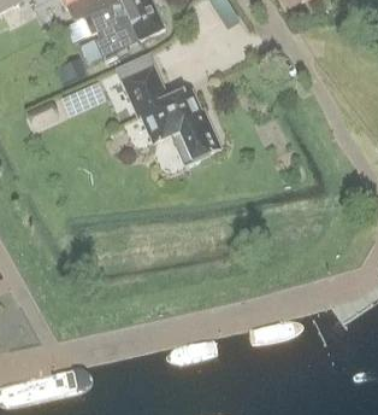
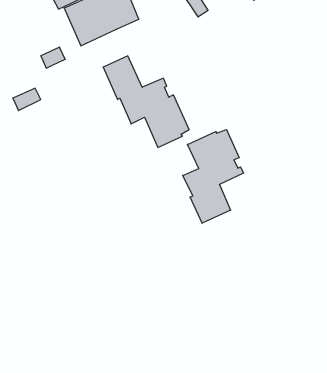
building: none -> [183,130,243,223]

